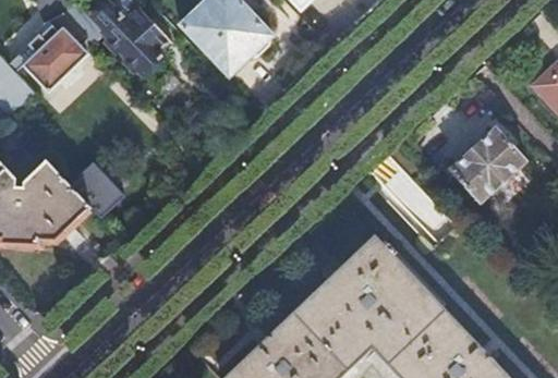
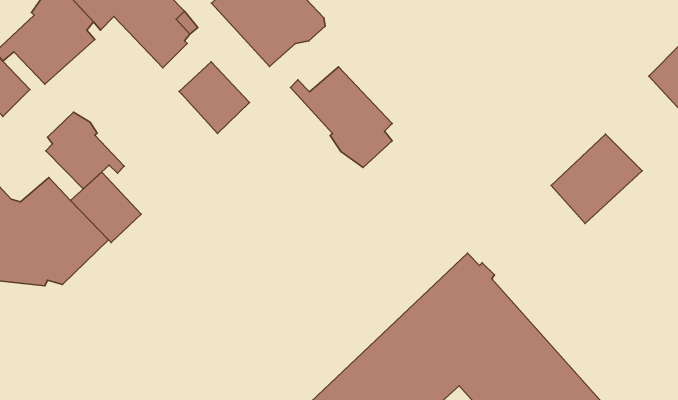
building: none -> [179,62,250,133]
building: none -> [290,67,392,168]
building: none -> [46,112,124,189]

